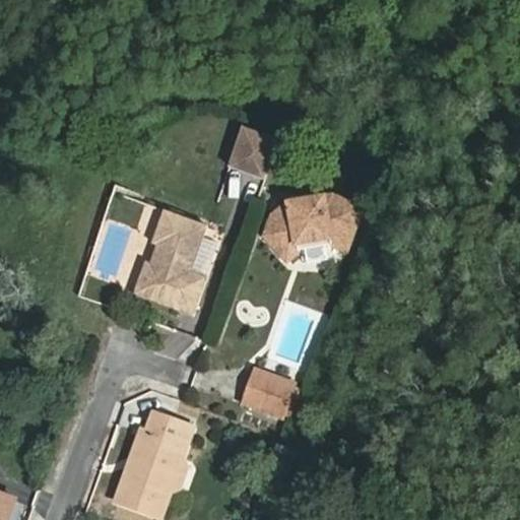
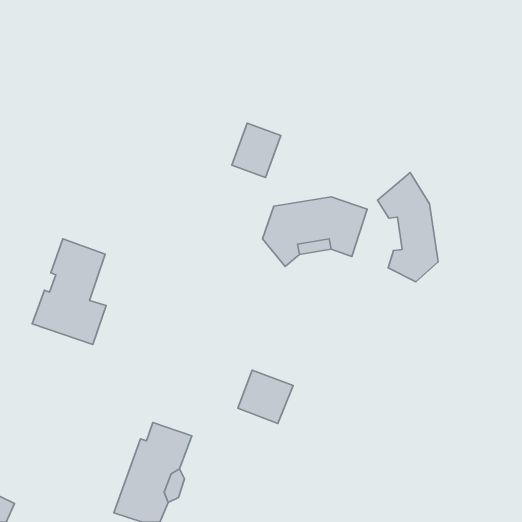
building: none -> [378,172,438,282]
building: [134,205,207,310] -> [32,239,106,344]

